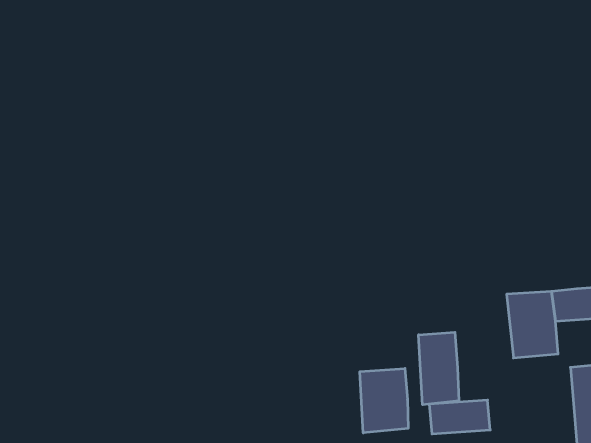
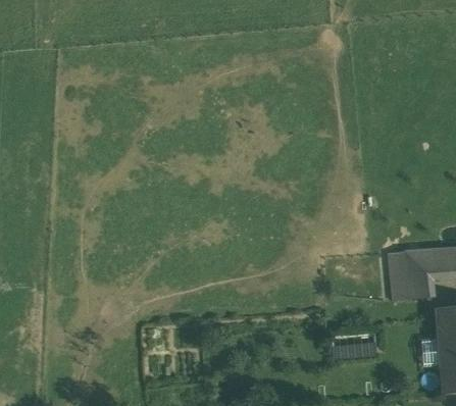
building: [419,332,459,405] -> none
building: [360,368,408,433] -> none

